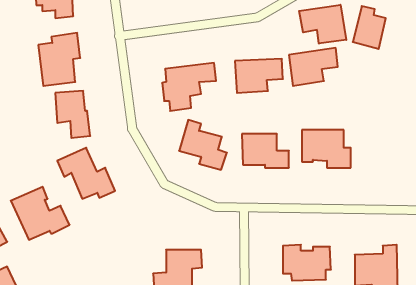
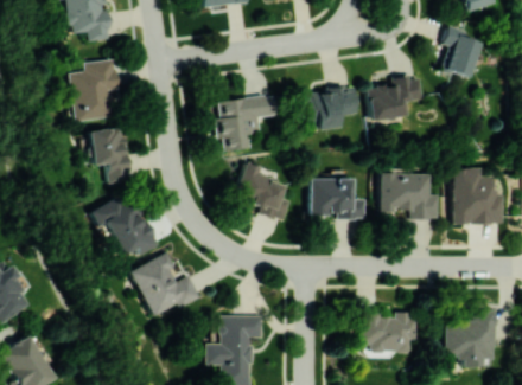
building: [299,5,346,44] -> none
building: none -> [452,168,504,224]
building: [11,187,70,240] -> [132,254,202,316]

